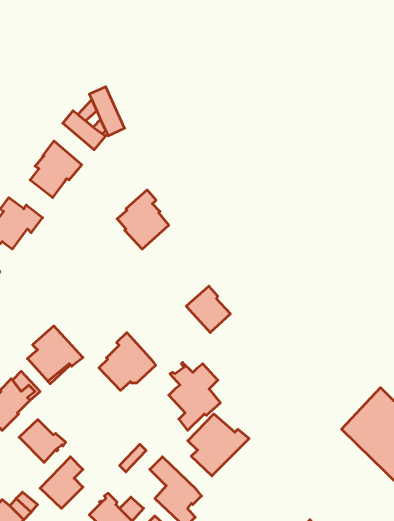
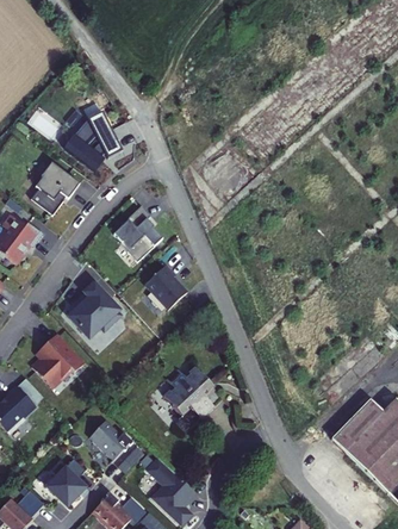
building: [186,286,230,333] -> [148,268,189,312]
building: [99,333,156,390] -> [70,285,124,340]
building: [188,414,249,476] -> none
building: [19,420,66,462] -> [89,422,133,462]

